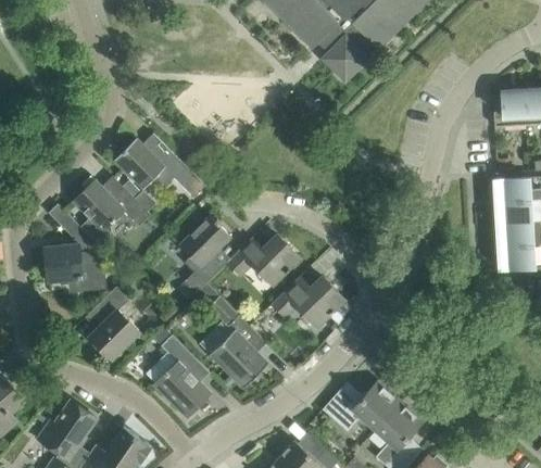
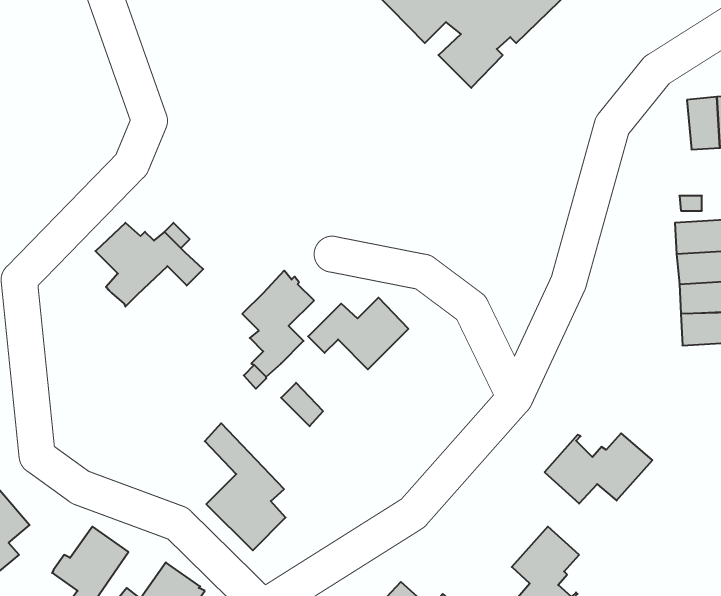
building: [115,139,206,199] -> none
building: [45,214,105,286] -> none
building: [264,277,344,327] -> none
building: [90,288,138,359] -> none
building: [211,331,268,389] -> none
building: [323,381,401,432] -> [545,433,652,504]

